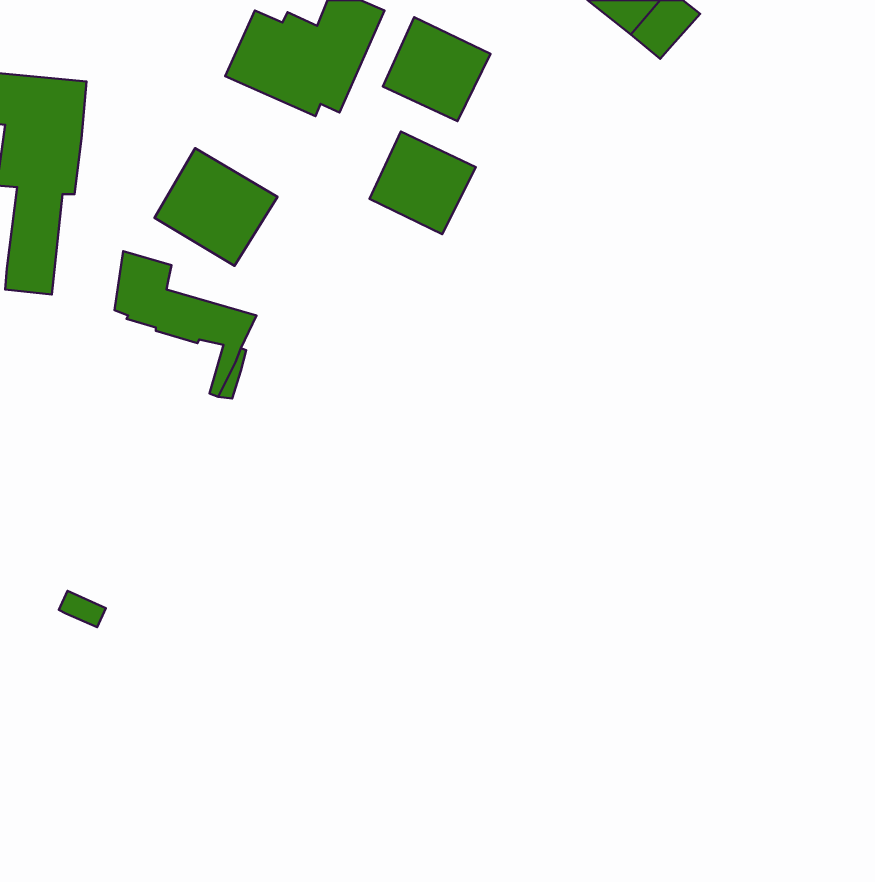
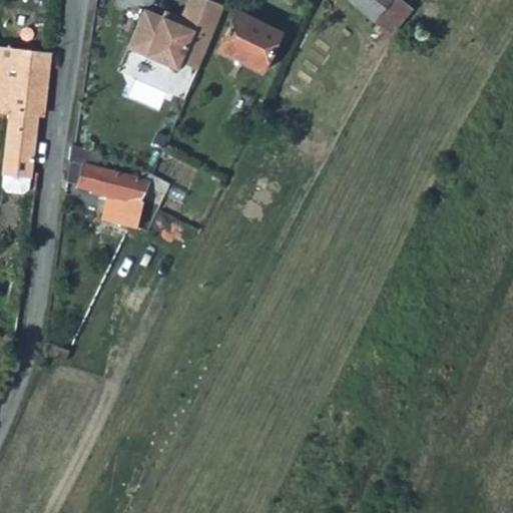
building: [369,131,476,234] -> none
building: [155,148,278,266] -> none

